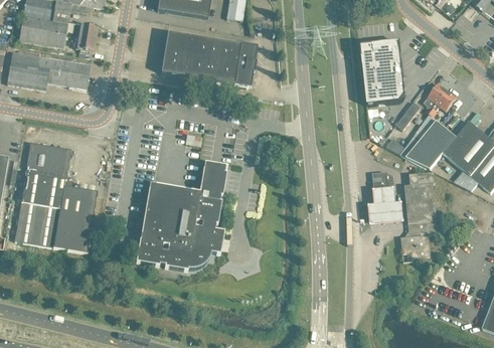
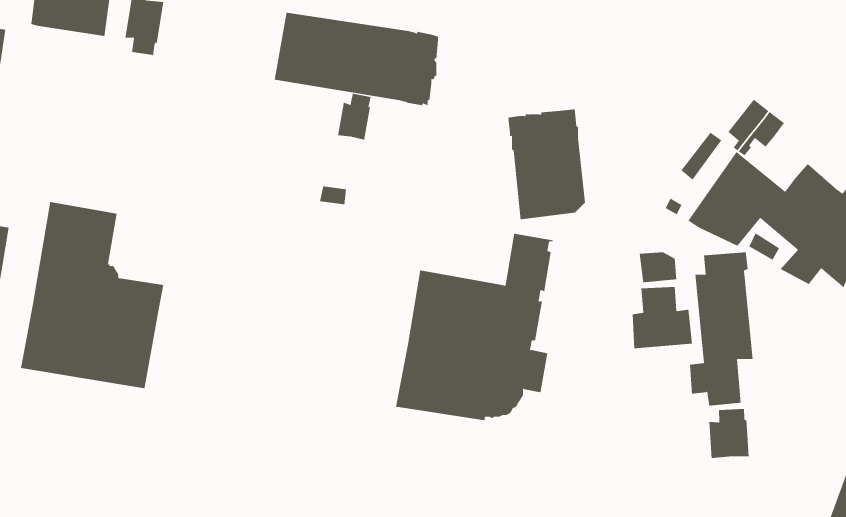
building: [360,40,405,105] -> [508,109,586,220]
building: [7,50,91,90] -> none
building: none -> [338,93,371,141]
building: [136,161,227,270] -> [395,233,553,421]
building: none -> [709,408,749,459]

